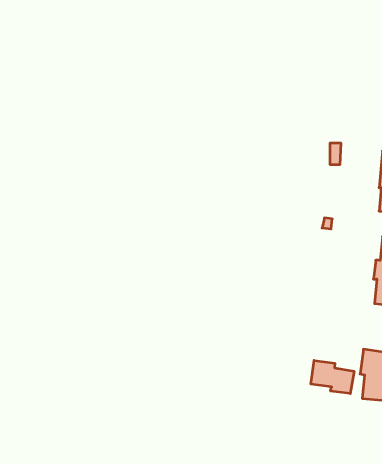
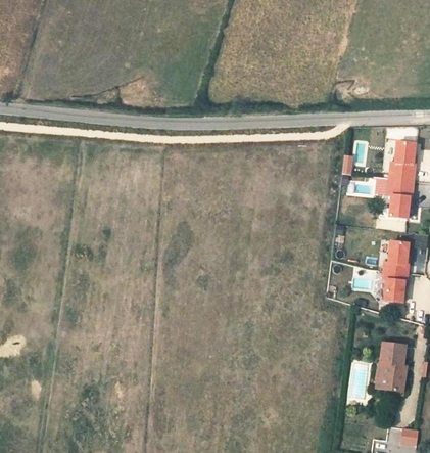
building: [311,360,354,394] -> none

